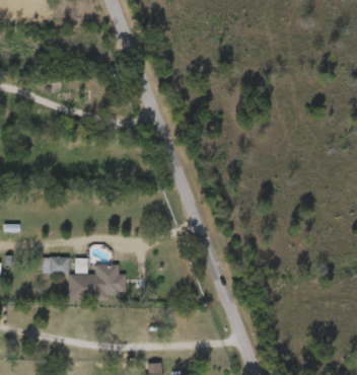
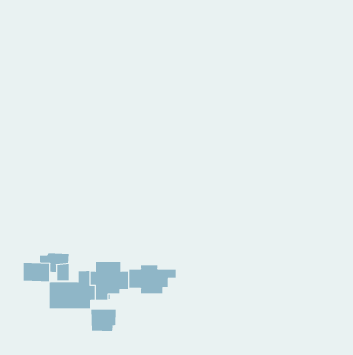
building: none -> [129,265,176,294]
building: none -> [91,309,116,332]

